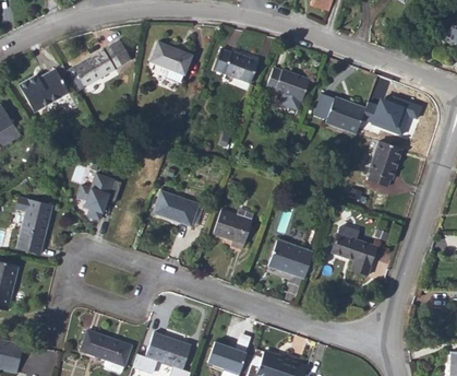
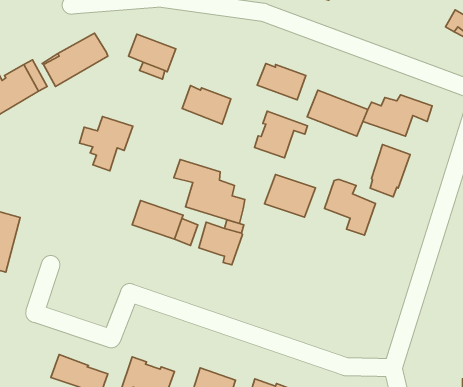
building: [214,48,257,83] -> [182,85,231,124]
building: none -> [254,111,308,158]
building: none -> [174,160,245,224]
building: [74,173,122,222] -> [79,116,133,171]
building: [330,225,376,275] -> [325,179,376,235]
building: [267,239,313,278] -> [265,175,316,217]

